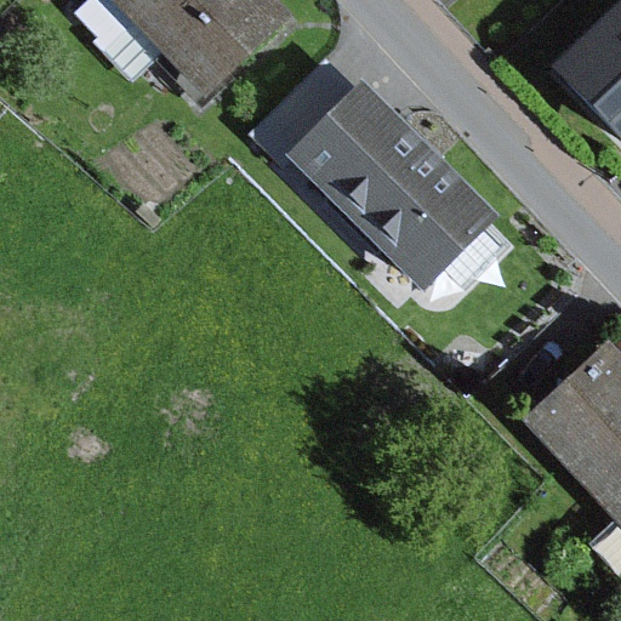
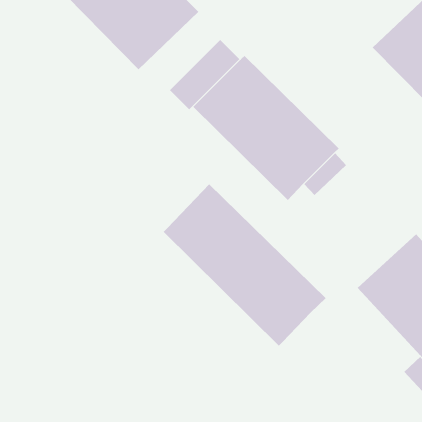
building: none -> [163,183,326,346]

